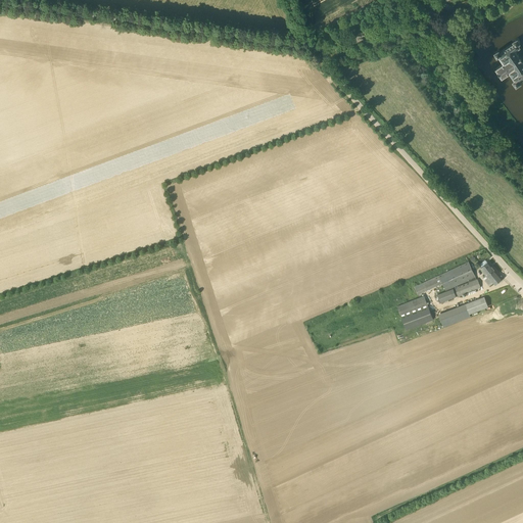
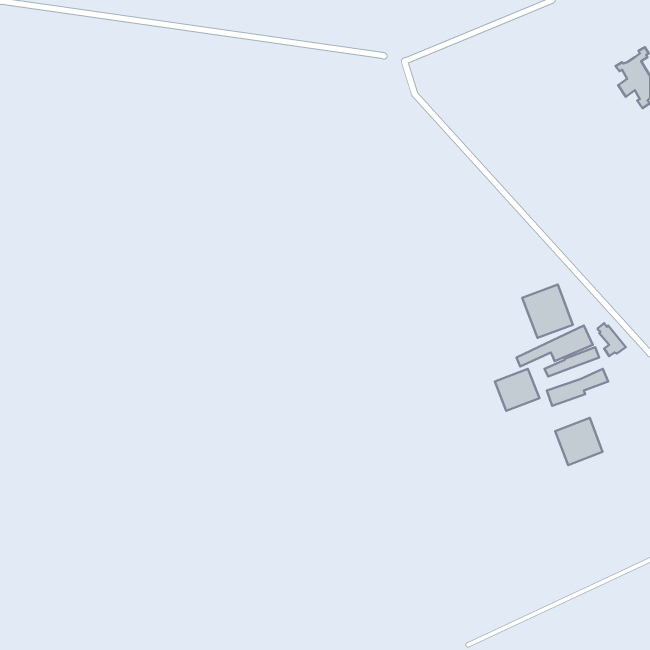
building: none -> [522,285,573,338]
building: none -> [555,418,603,465]

